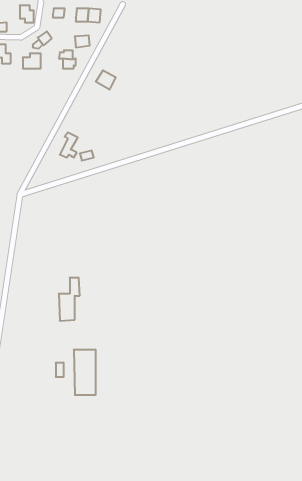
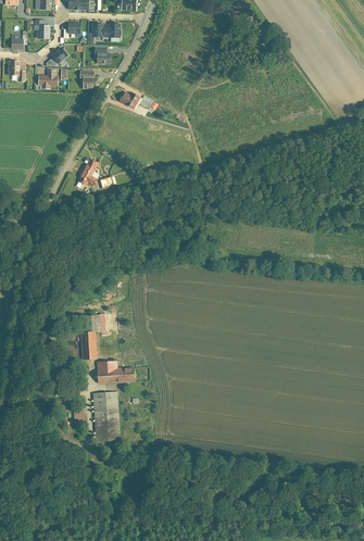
building: none -> [97,360,136,381]

